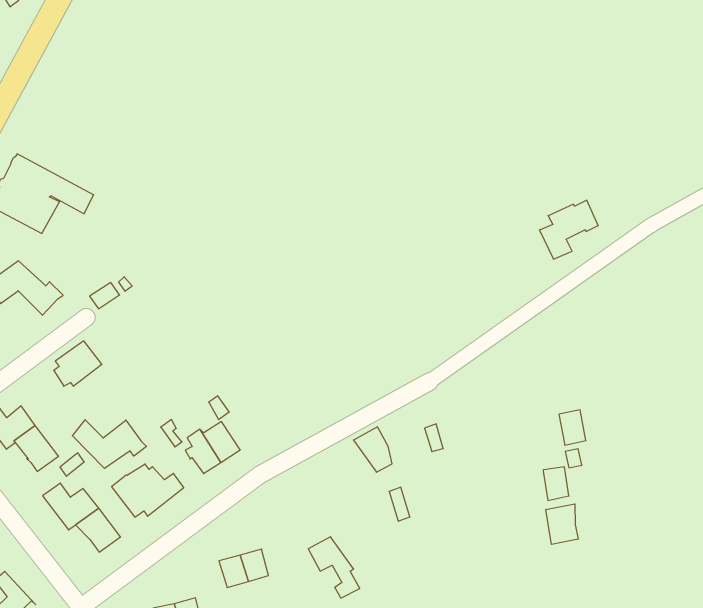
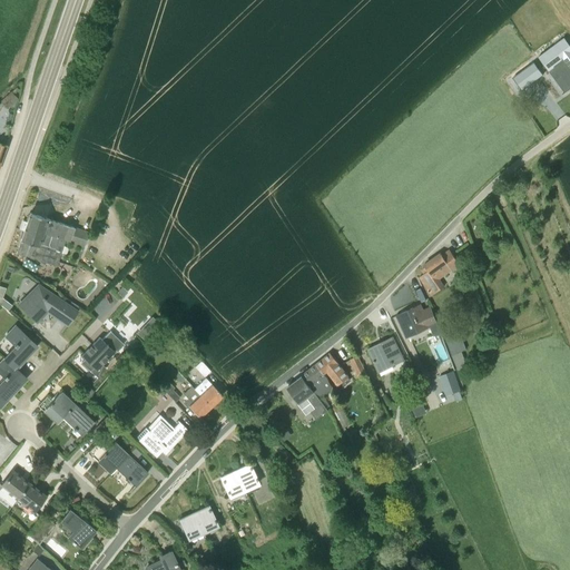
building: [539,200,598,259] -> [420,250,461,296]
building: none -> [396,304,441,334]
building: none -> [367,338,404,373]
building: none -> [317,355,348,387]
building: [72,420,147,468] -> none
building: [546,504,578,544] -> none
building: [308,537,360,598] -> [287,377,328,420]

